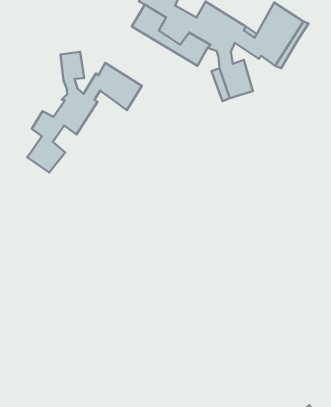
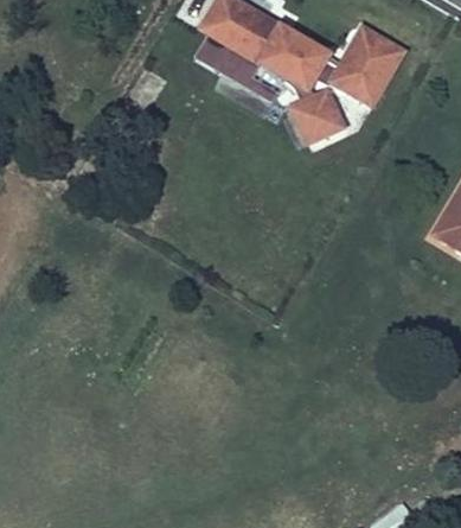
building: [27,52,142,173] -> none

